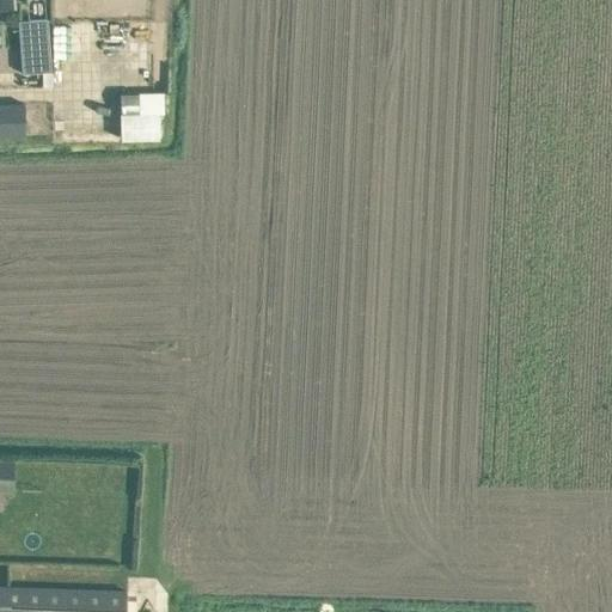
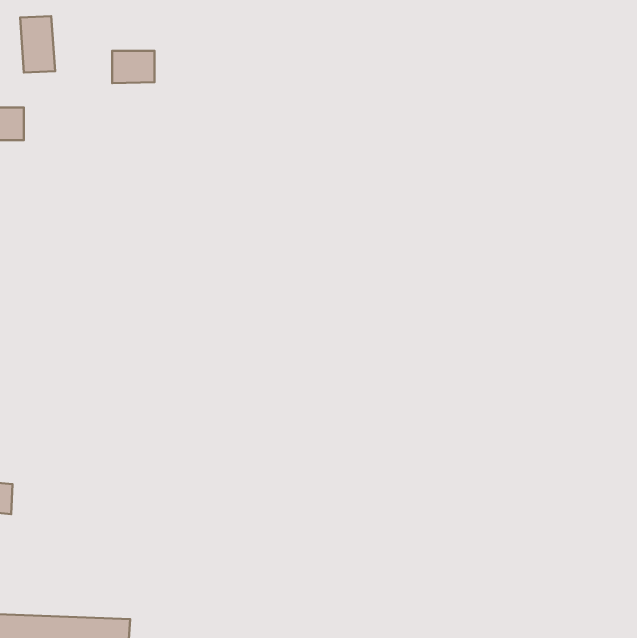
building: [122,108,163,139] -> [112,51,155,83]

